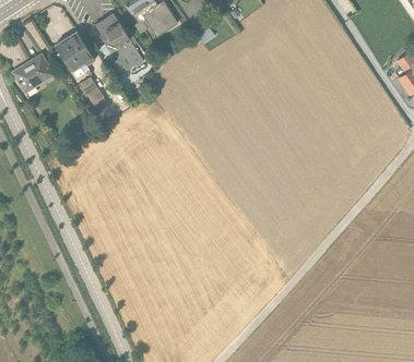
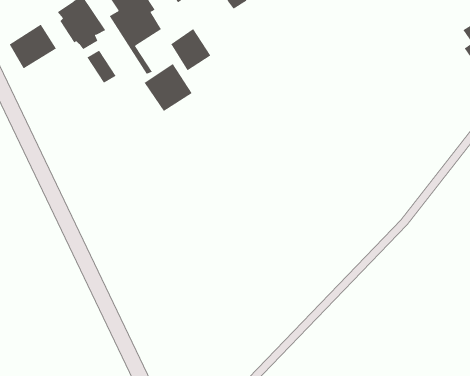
building: none -> [170,28,211,71]
building: none -> [144,63,192,112]

